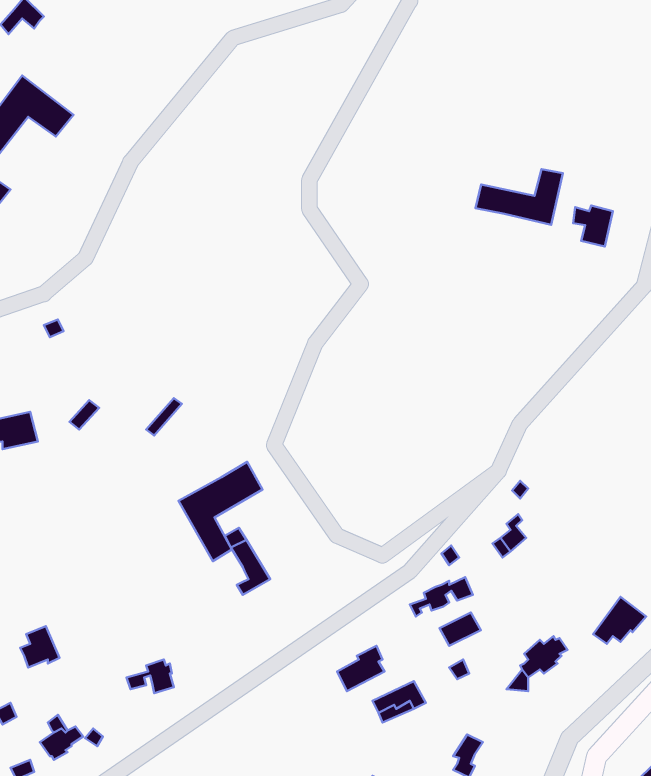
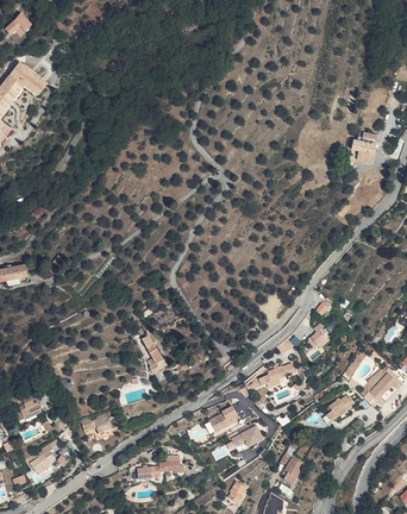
building: [476,169,563,225] -> none
building: [179,462,263,561] -> none
building: none -> [137,455,183,477]

